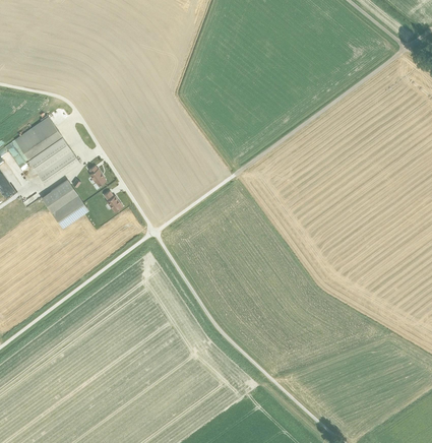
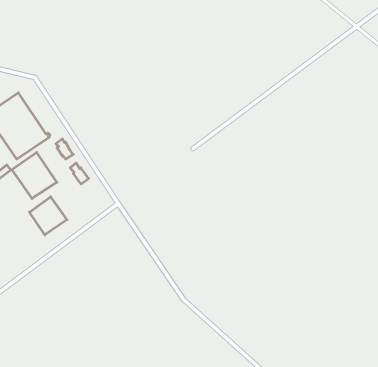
building: none -> [29,197,67,235]

